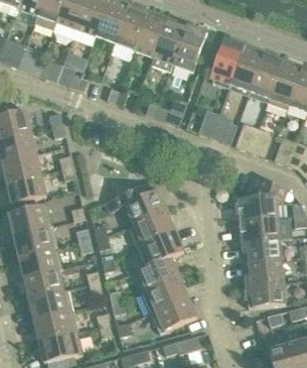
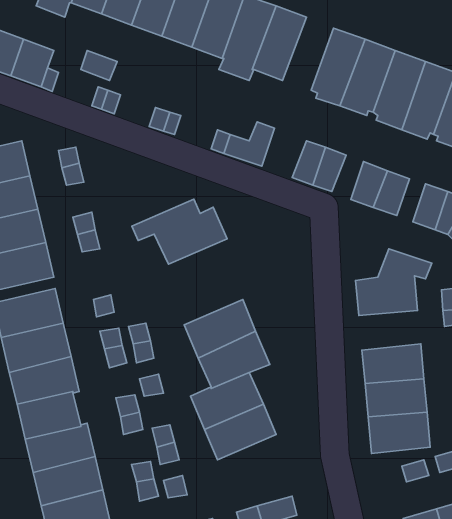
building: [106,185,166,226] -> [132,199,227,264]
building: [240,217,279,242] -> none
building: [150,295,196,333] -> none

